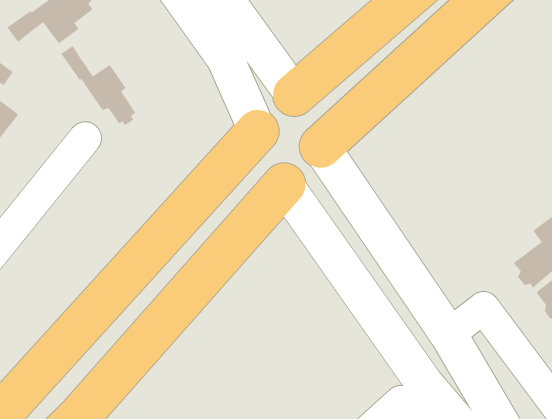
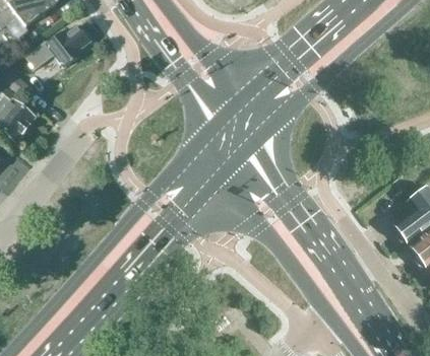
building: [61,45,136,126] -> none

